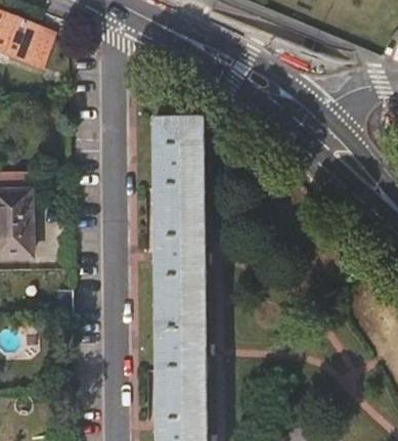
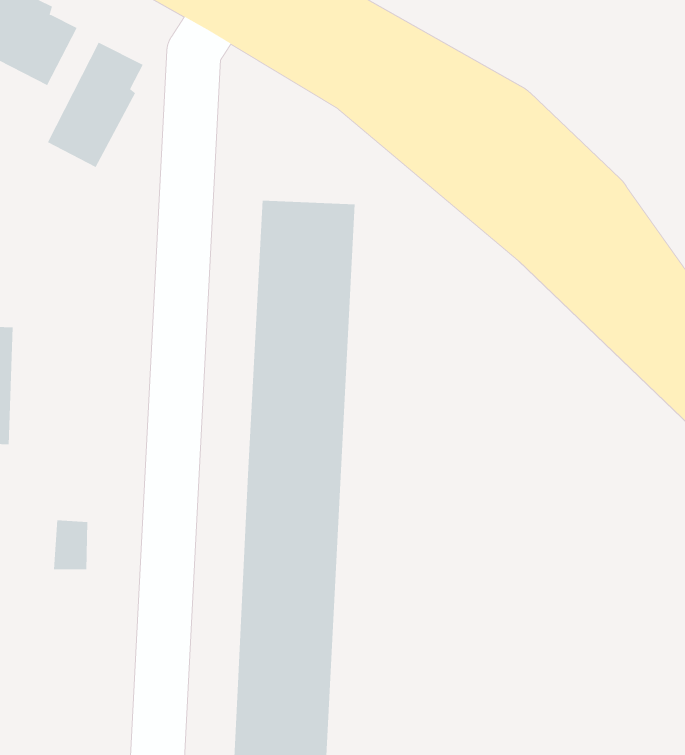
building: none -> [47,42,143,168]

